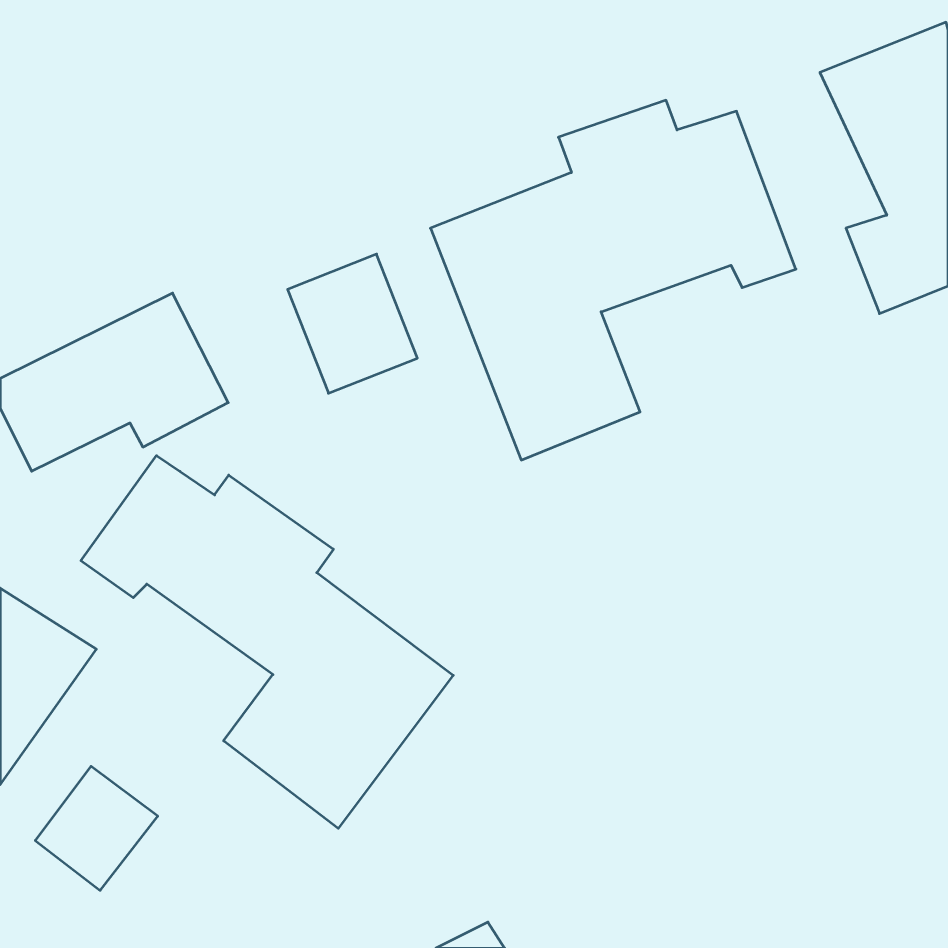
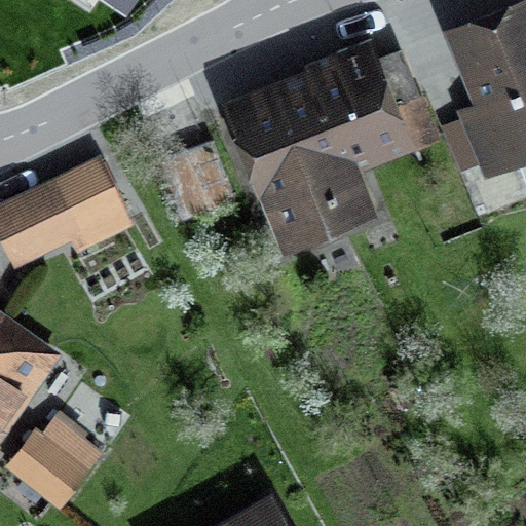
building: [81,456,453,828] -> none

